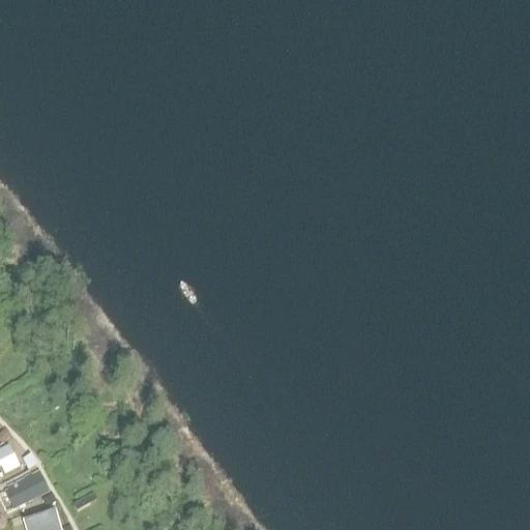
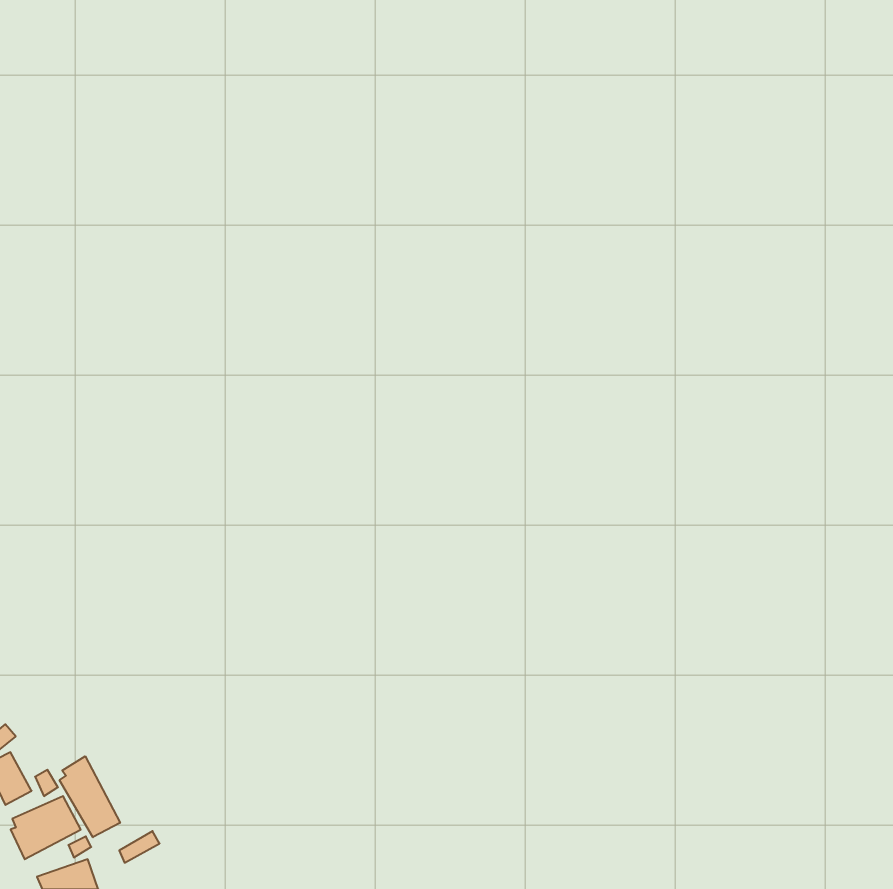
building: none -> [60,756,120,837]

